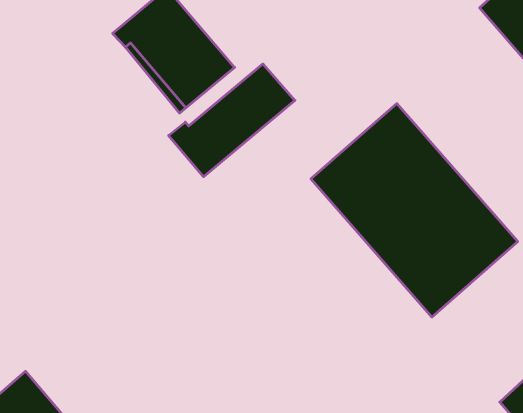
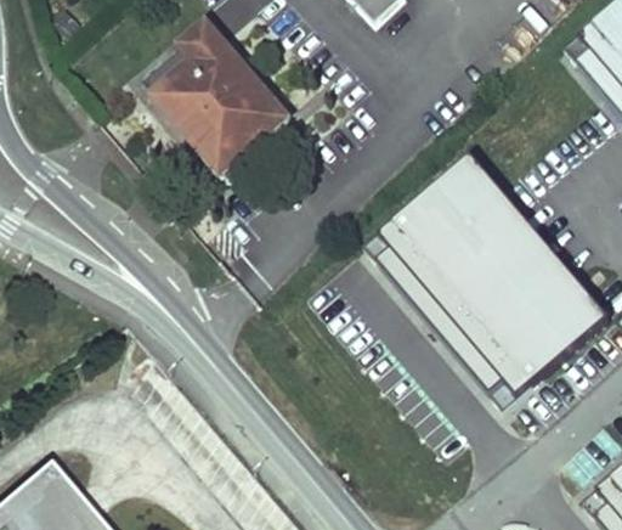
building: [169,64,295,177] -> none

